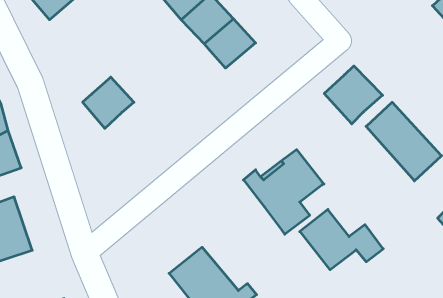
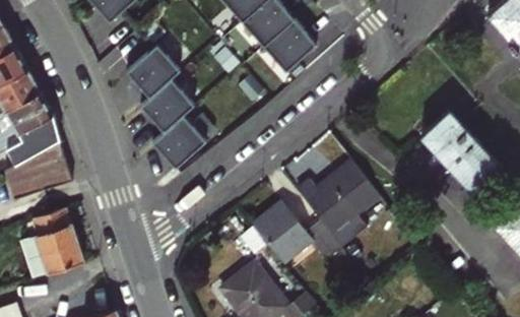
building: none -> [123,52,174,103]
building: [324,66,383,124] -> none
building: none -> [146,121,198,173]
building: [300,209,383,270] -> [253,201,337,262]

